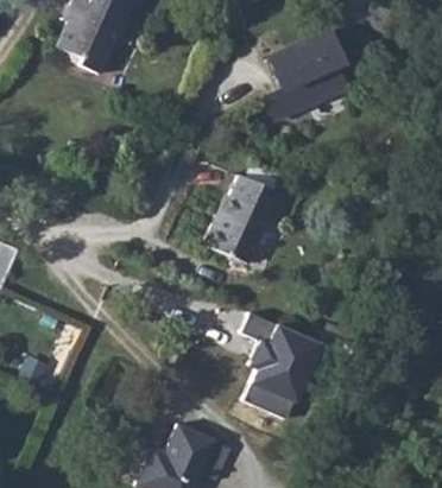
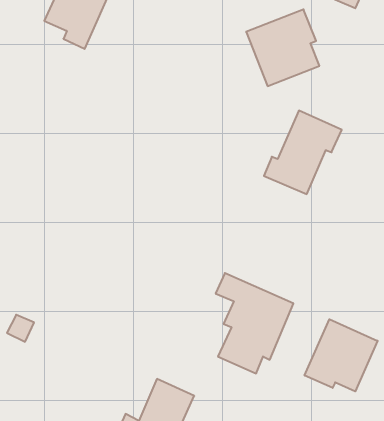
building: [201,175,283,262] -> [264,111,342,194]
building: none -> [305,319,378,391]

